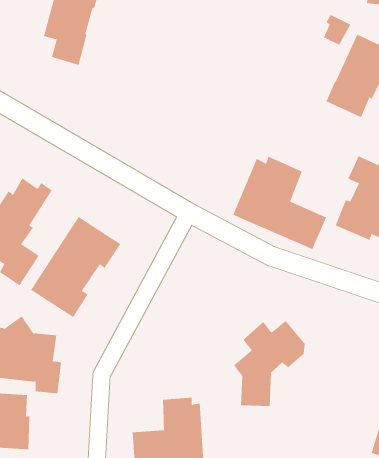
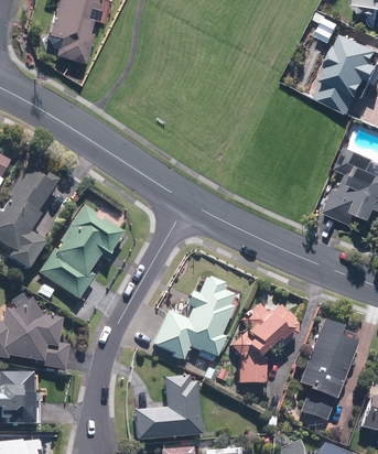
building: [233,156,327,250] -> none
building: none -> [152,277,241,361]
building: none -> [296,317,359,422]

